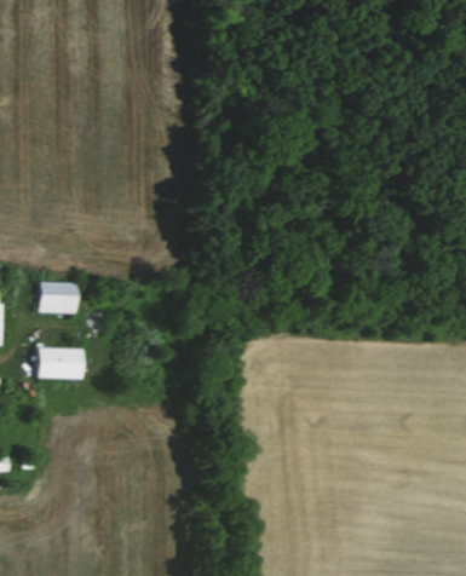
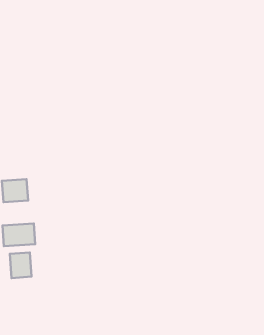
building: none -> [10,252,32,278]

